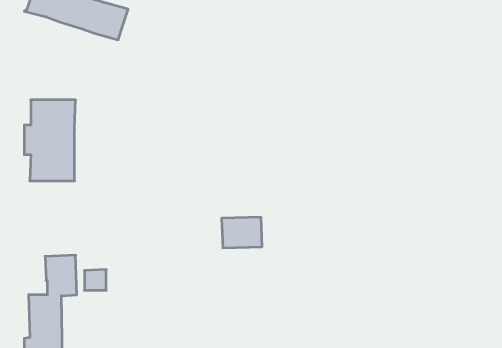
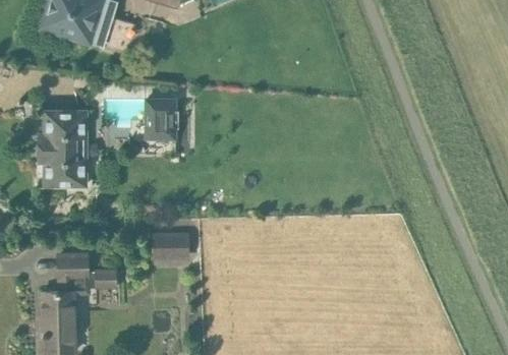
building: none -> [143,98,176,140]
building: [222,217,262,248] -> [151,232,188,260]

